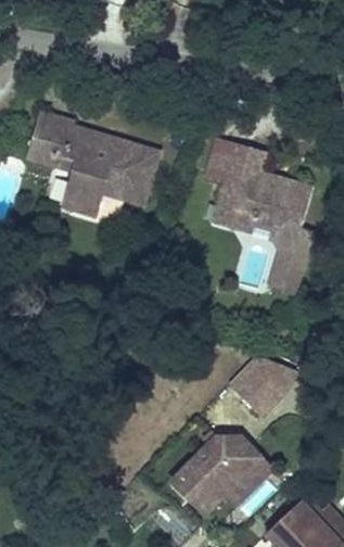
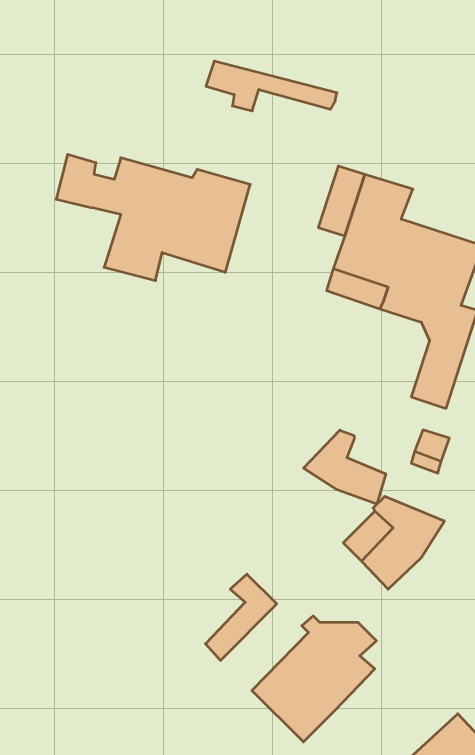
building: [46,115,131,148] -> [206,61,337,111]
building: none -> [304,430,386,504]
building: [220,449,267,506] -> [205,574,277,660]

